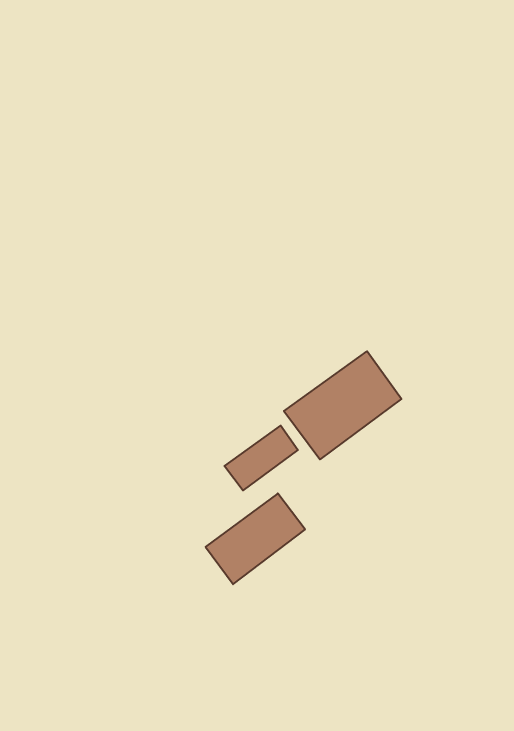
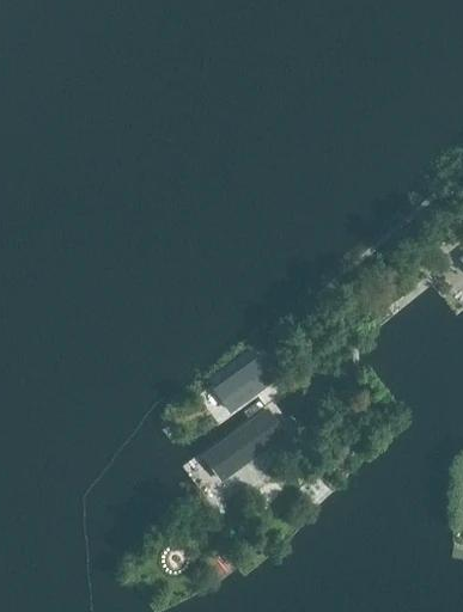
building: [284,351,401,459] -> none

